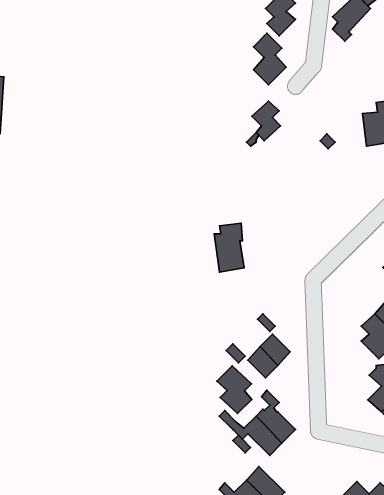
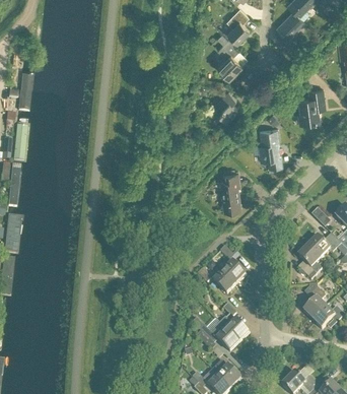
building: none -> [259,126,282,166]
building: [214,223,244,272] -> [218,170,240,206]
building: [217,366,252,414] -> none

